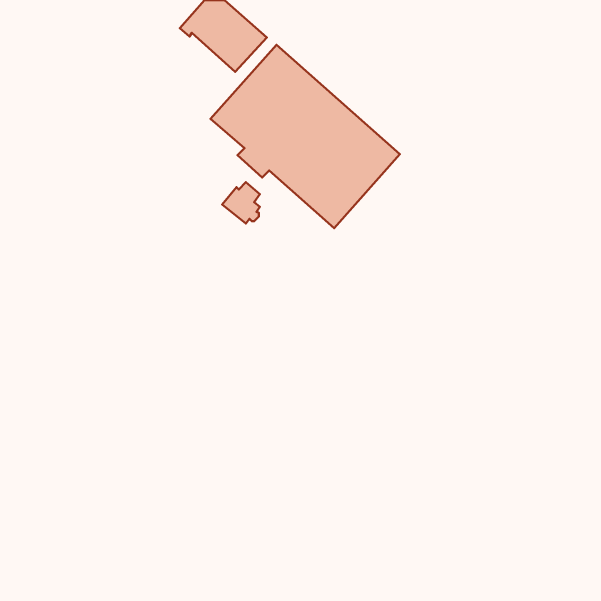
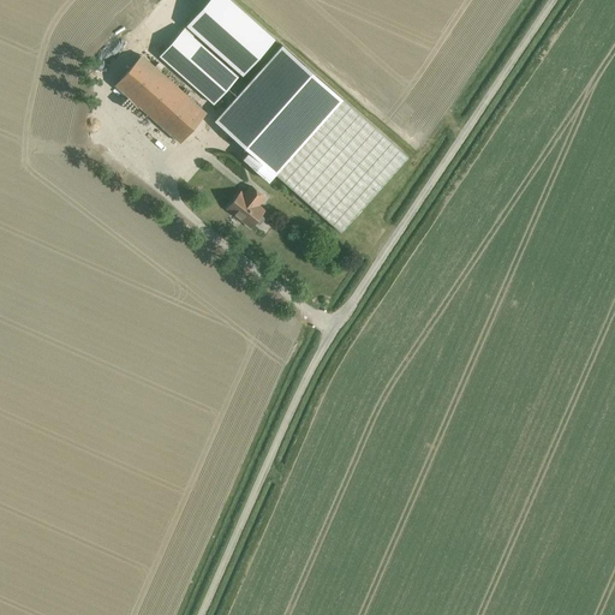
building: none -> [159,29,238,105]
building: none -> [115,55,207,143]

